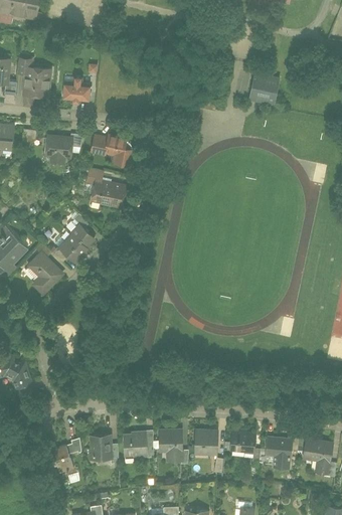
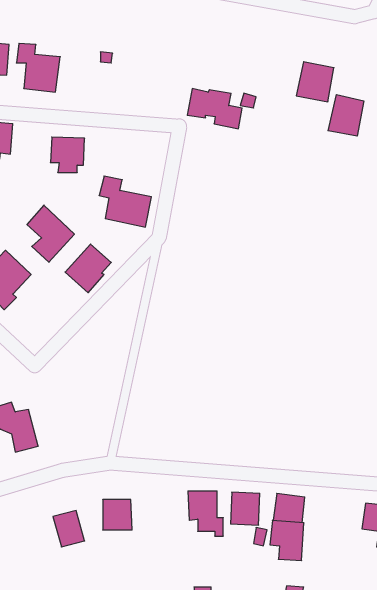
building: [61,76,91,102] -> none
building: none -> [328,95,364,136]
building: [90,132,135,165] -> [187,89,242,129]
building: [26,249,65,297] -> [27,205,74,262]
building: [123,431,153,457] -> none
building: [265,436,293,469] -> [270,520,304,561]

